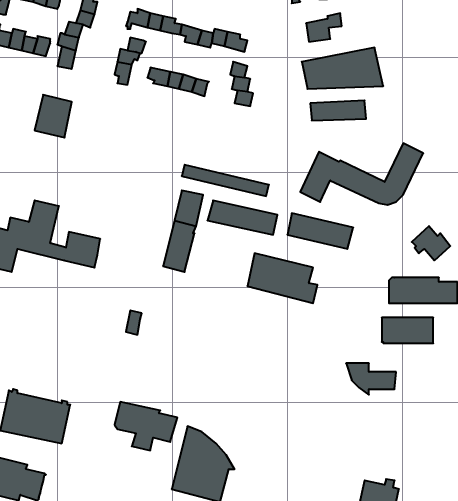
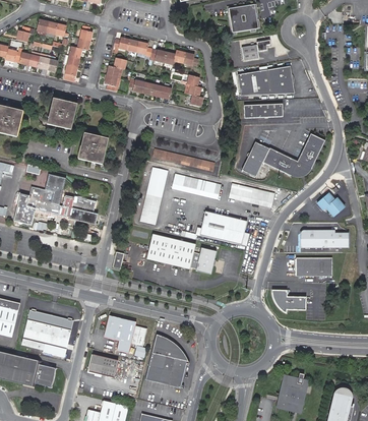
building: none -> [79,133,106,164]
building: none -> [146,235,217,275]
building: none -> [88,355,117,377]

